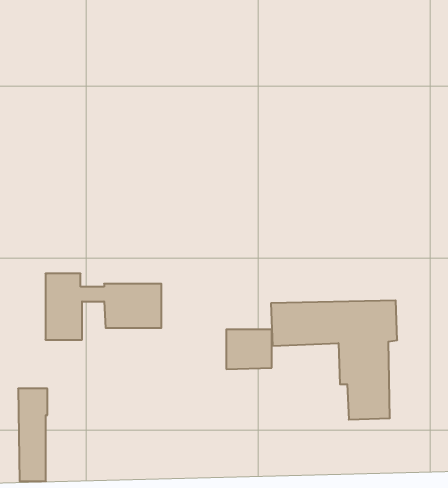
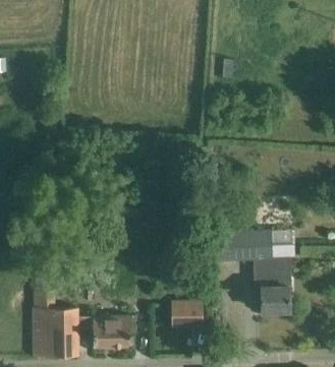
building: [45,274,161,340] -> [53,309,133,355]
building: [226,329,272,369] -> [171,301,203,328]

